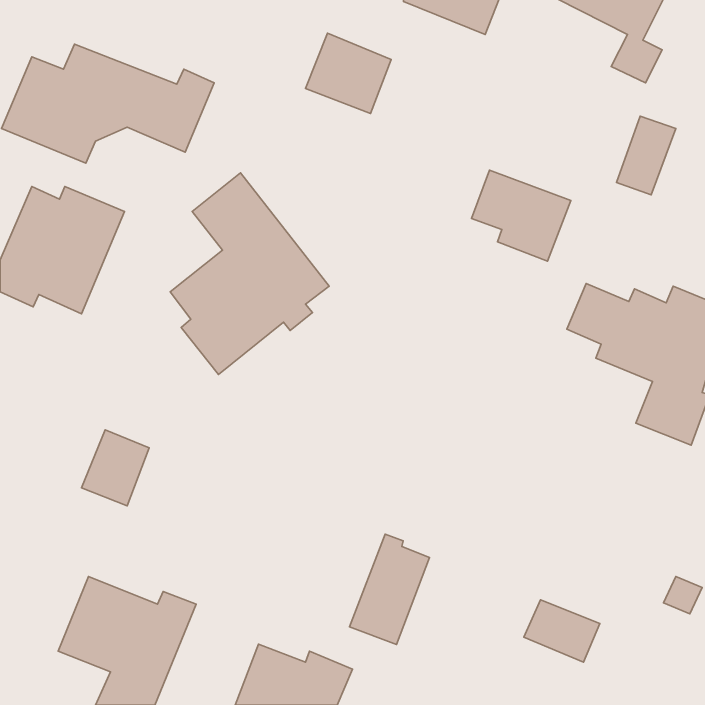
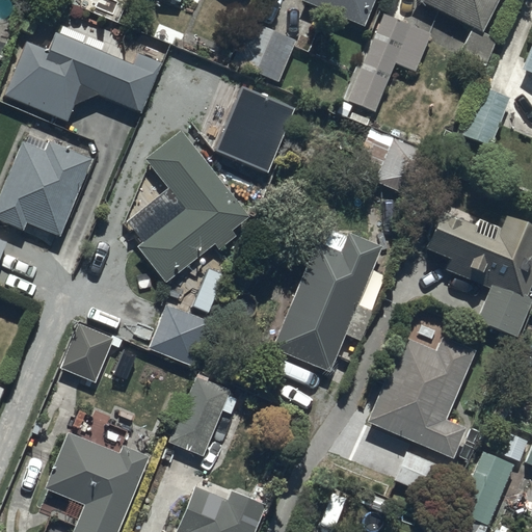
building: none -> [339,16,431,116]
building: none -> [216,85,297,172]
building: none -> [271,228,383,372]
building: none -> [151,304,213,366]
building: none -> [368,334,476,456]
building: [349,534,430,645] -> [170,371,231,454]
building: none -> [458,450,517,525]

